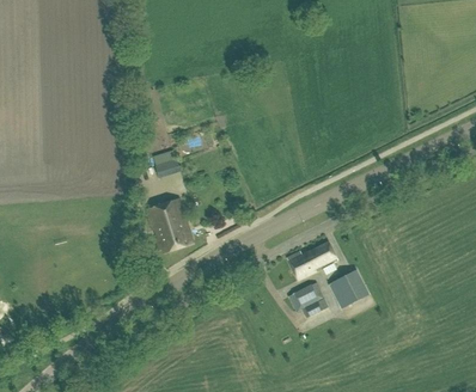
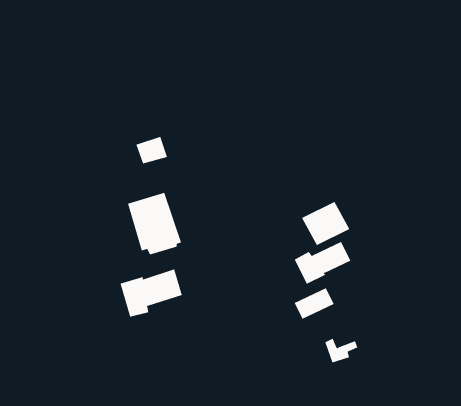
building: none -> [120,269,182,318]
building: [328,268,370,306] -> [301,201,350,246]

